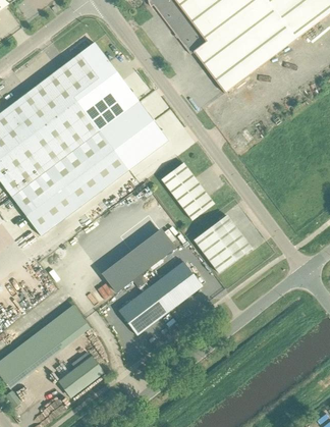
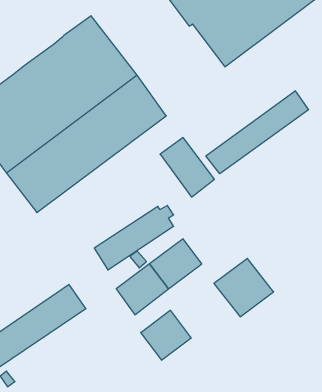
building: none -> [206,91,308,174]
building: [194,215,252,272] -> [214,258,274,317]
building: none -> [141,310,191,360]
building: [61,359,104,396] -> none

